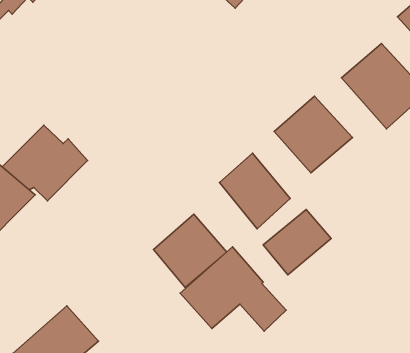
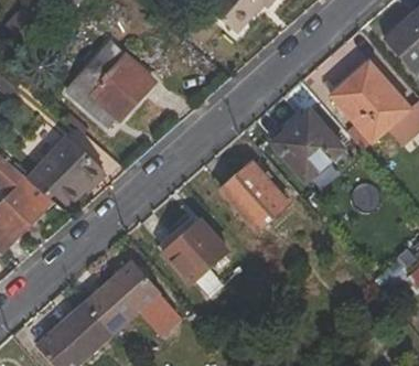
building: none -> [64,41,151,129]
building: [263,210,331,275] -> none
building: [180,247,286,331] -> [84,259,180,335]

